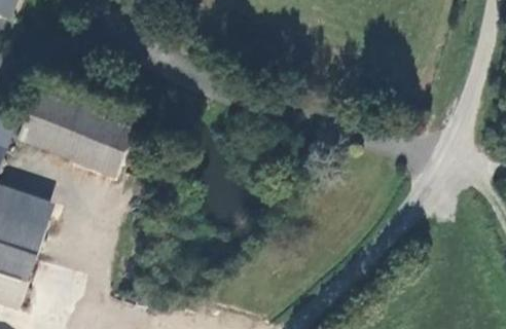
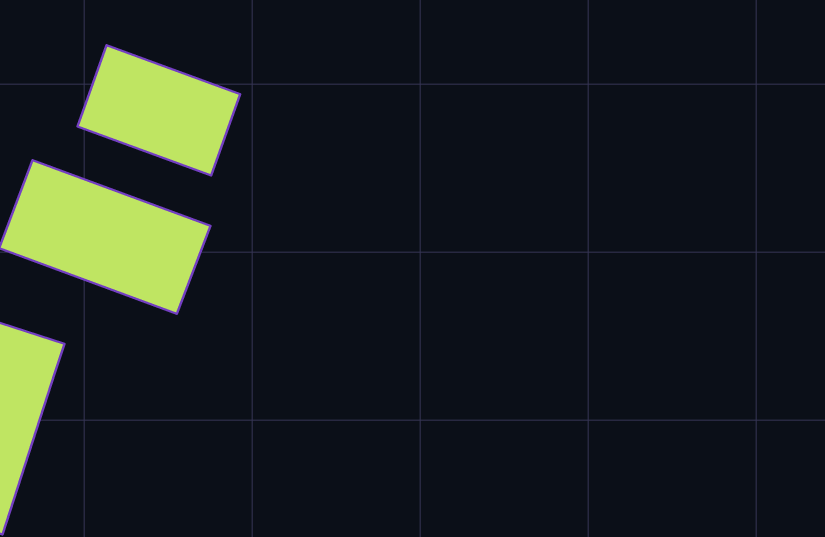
building: none -> [78,45,240,176]

